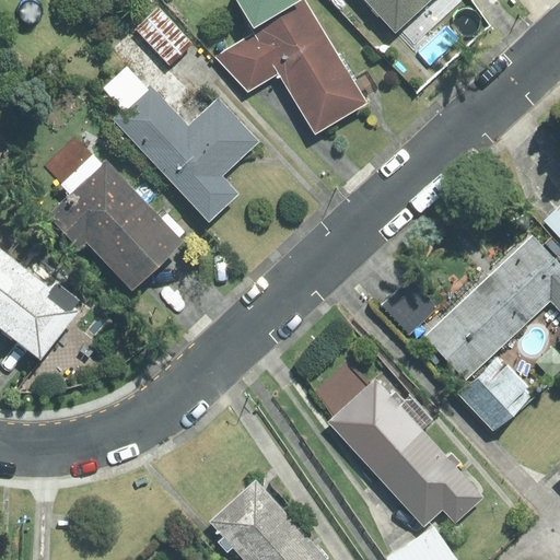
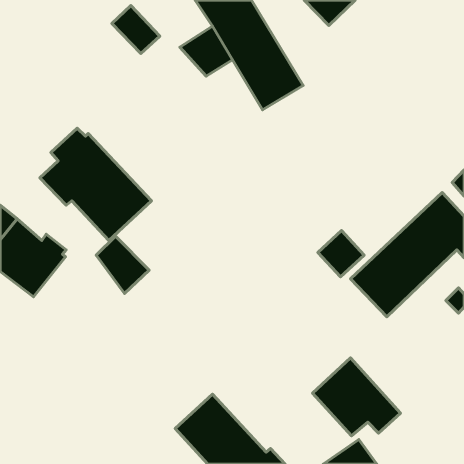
building: [103,66,259,221] -> none
building: none -> [96,236,149,293]
building: [458,355,535,432] -> none
building: [329,380,422,474] -> none

